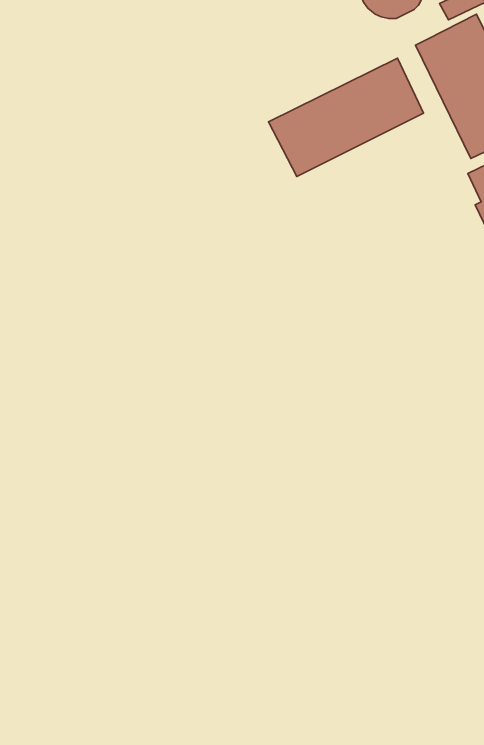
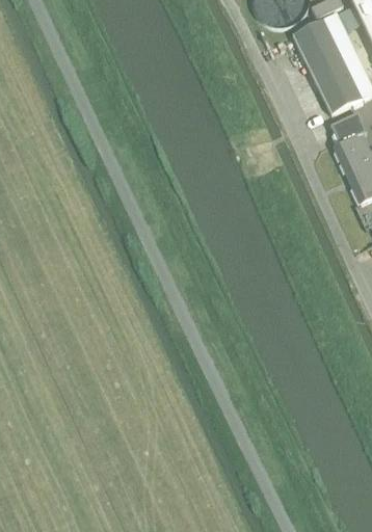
building: [269,58,424,177] -> none

